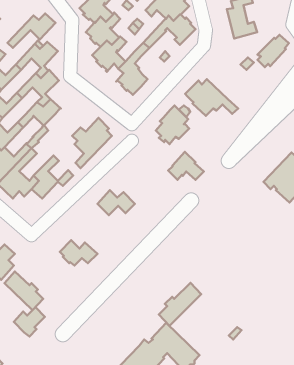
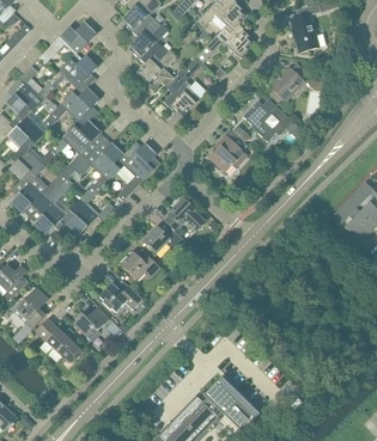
building: [258,35,289,67] -> [270,63,306,100]
building: none -> [74,142,123,191]
building: [168,152,204,180] -> [164,197,205,229]
building: none -> [120,250,160,280]
building: [159,283,201,326] -> none
building: [14,307,45,337] -> [73,306,109,339]

